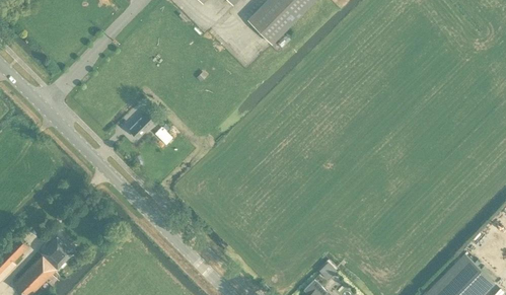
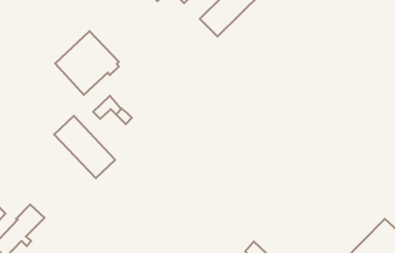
building: none -> [55,31,119,95]
building: none -> [54,116,115,178]

